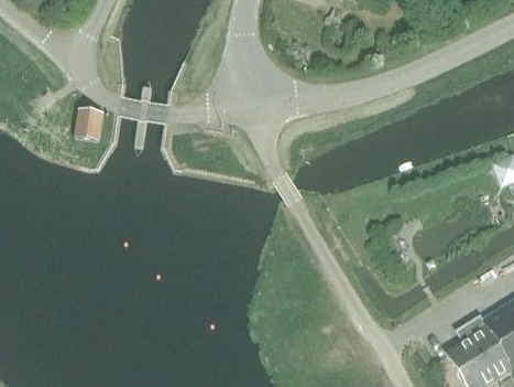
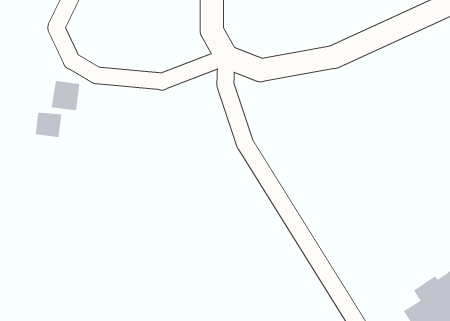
building: none -> [35,112,62,138]

